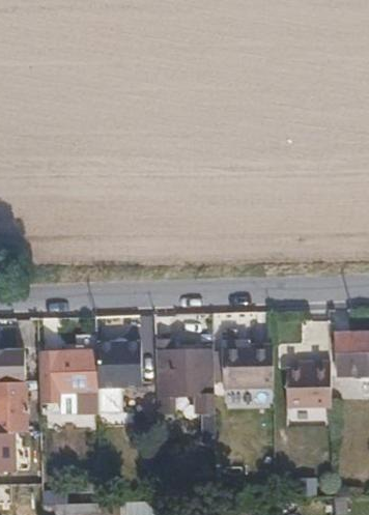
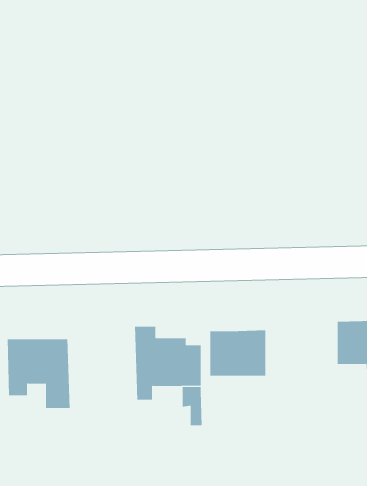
building: [95,343,142,392] -> none
building: [284,362,330,407] -> none

